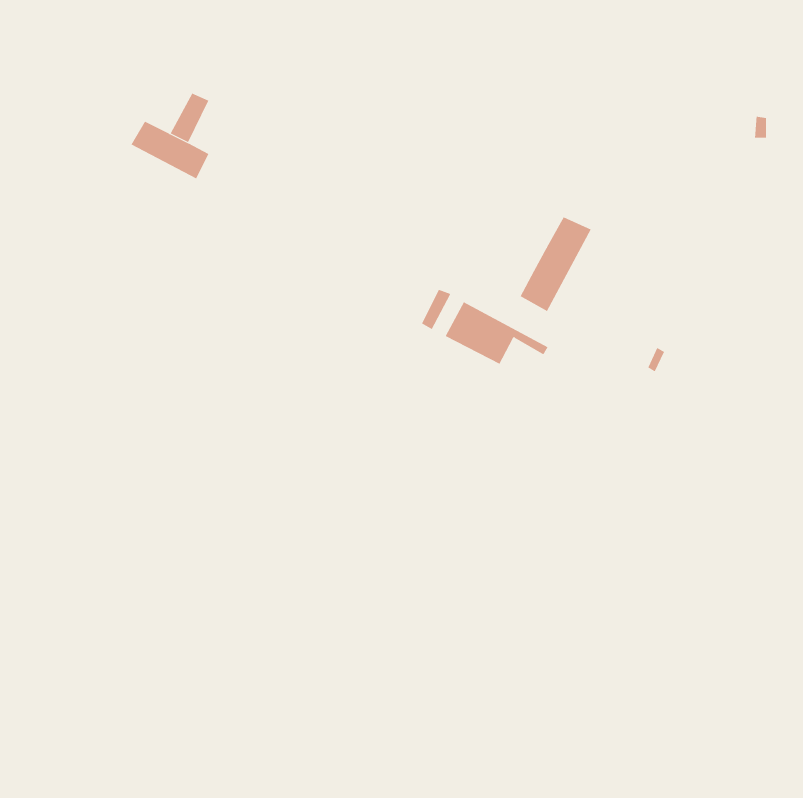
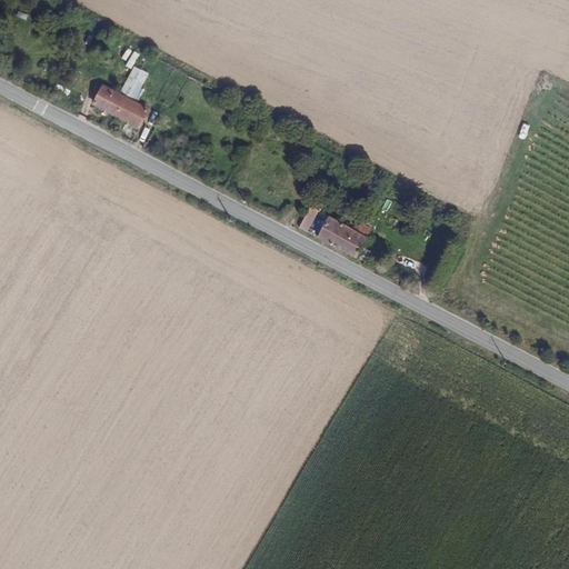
building: [520,217,591,312] -> none

